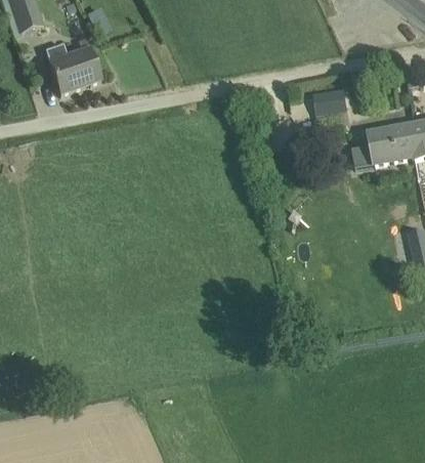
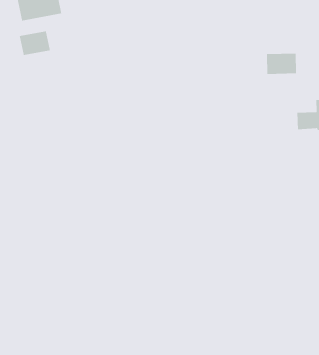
building: none -> [19,30,51,56]

